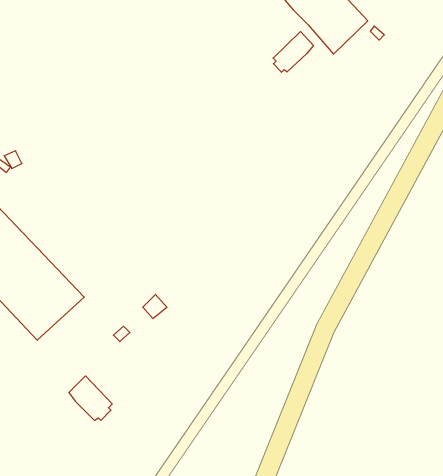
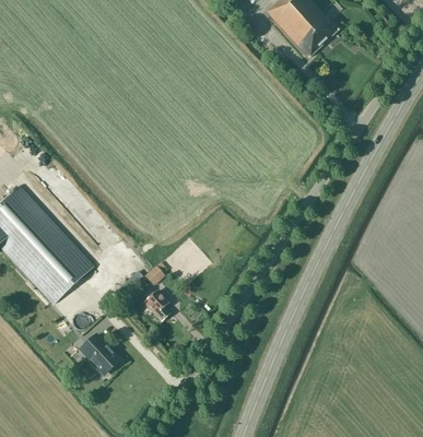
building: [273,32,313,72] -> none
building: none -> [144,288,171,320]

